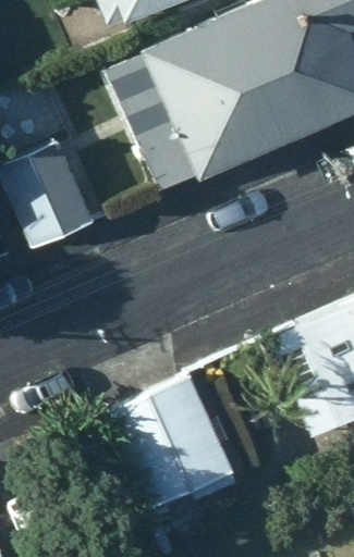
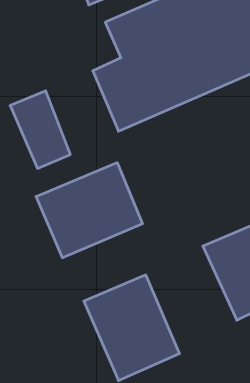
building: none -> [36,163,142,258]

